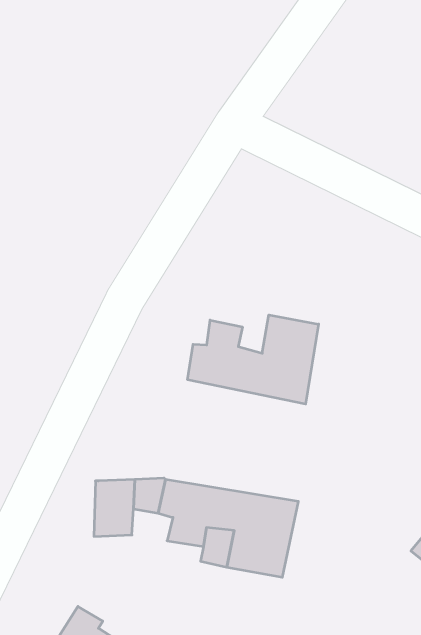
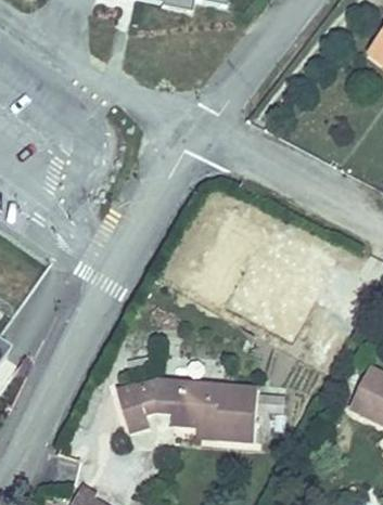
building: [188,315,319,404] -> none

